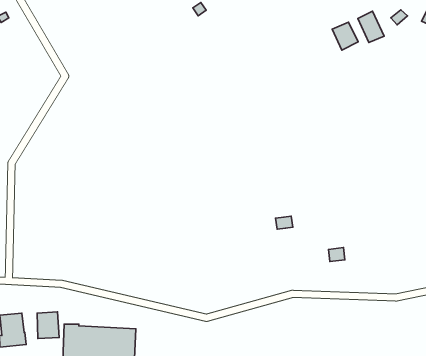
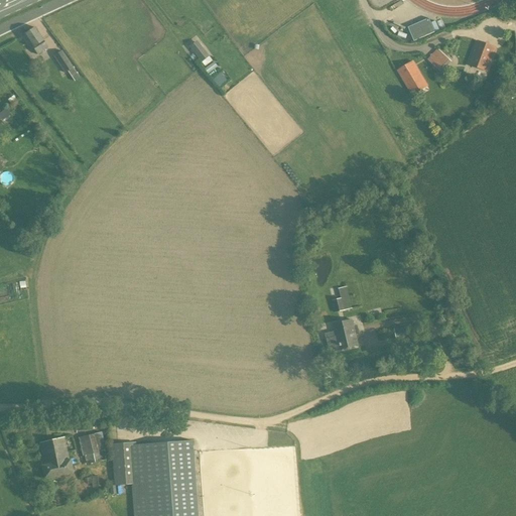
building: [332,22,358,50] -> none
building: none -> [333,318,362,349]

